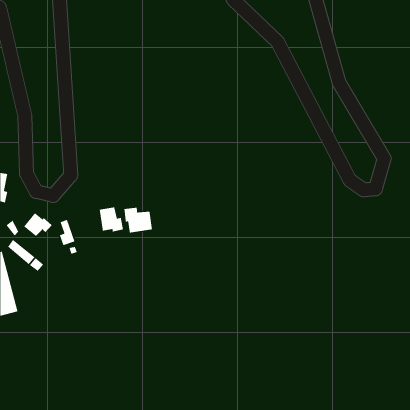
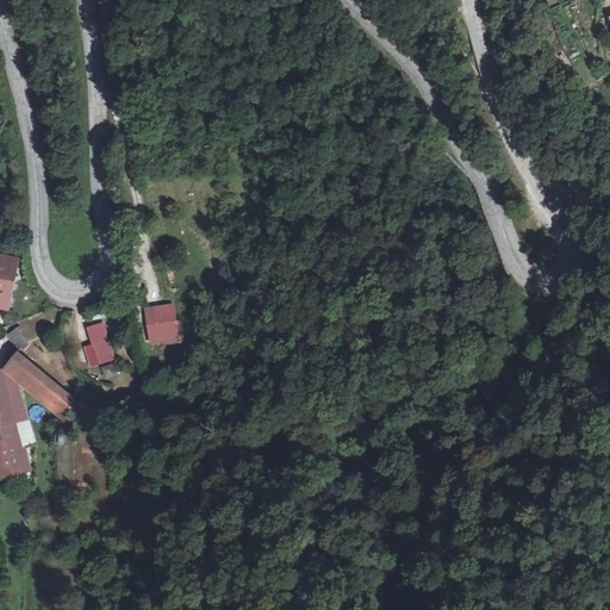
building: [124,207,153,234] -> none
building: [23,212,53,237] -> none

